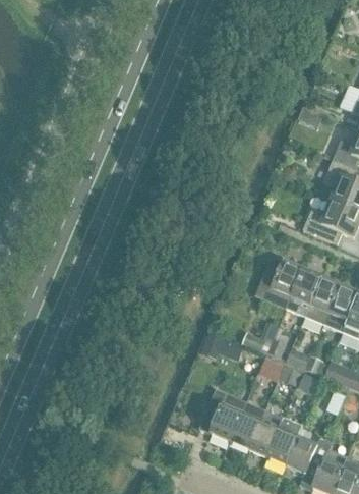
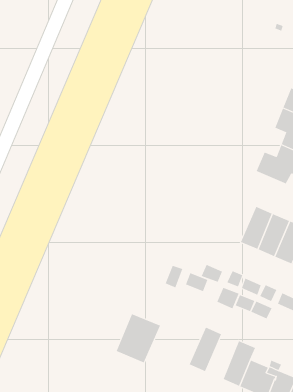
building: [257,259,304,308] -> none
building: [198,388,248,443] -> [116,314,161,363]
building: [248,409,285,459] -> none

